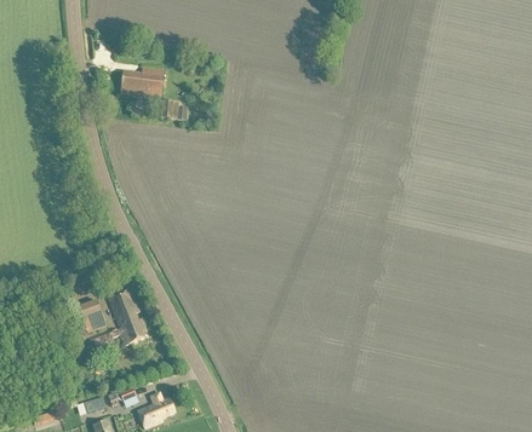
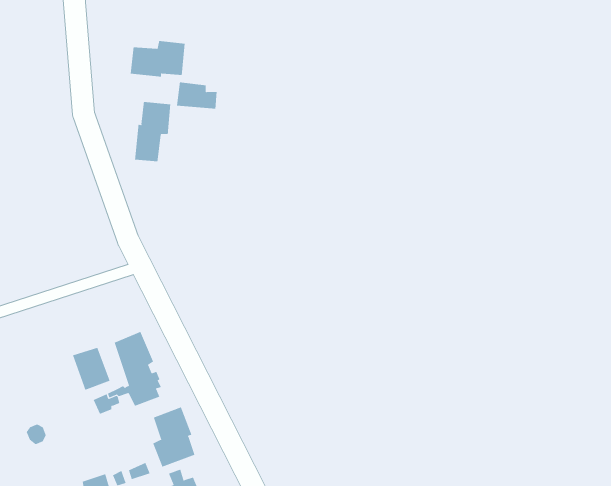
building: none -> [135,101,171,162]
building: none -> [153,406,195,468]

